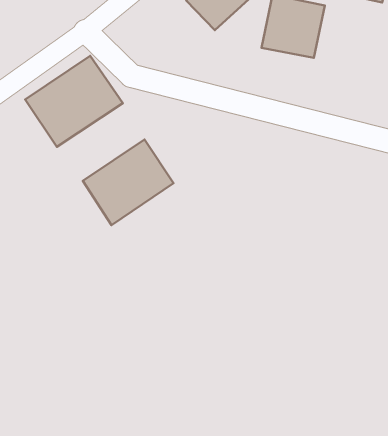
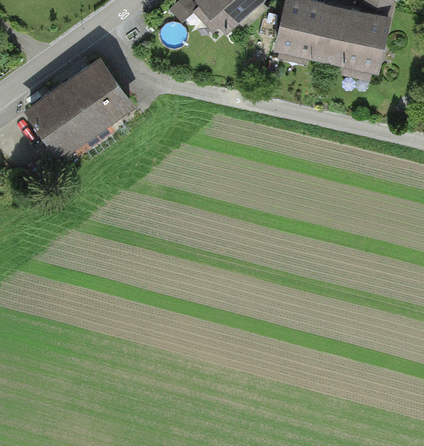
building: none -> [325,8,388,72]
building: [83,140,174,225] -> none

